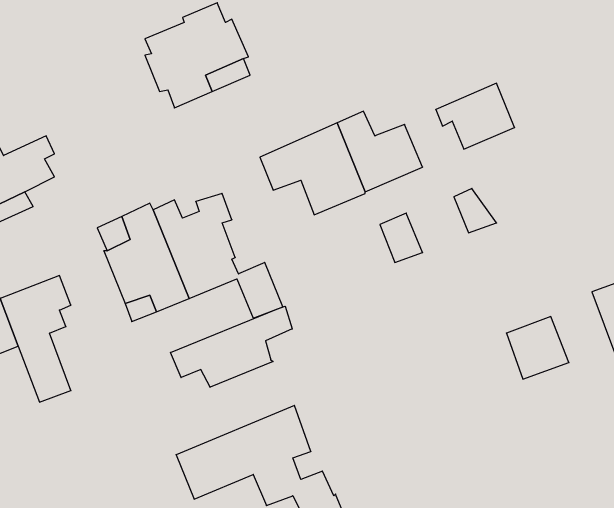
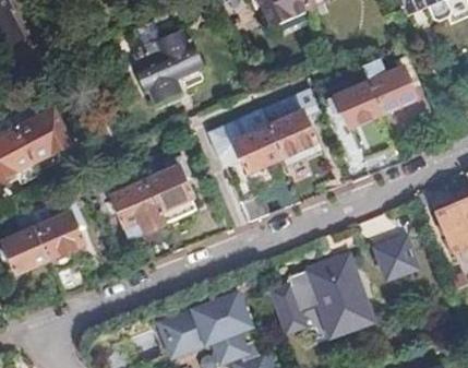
building: none -> [362,57,420,111]
building: [171,306,292,387] -> none
building: none -> [269,254,374,344]

